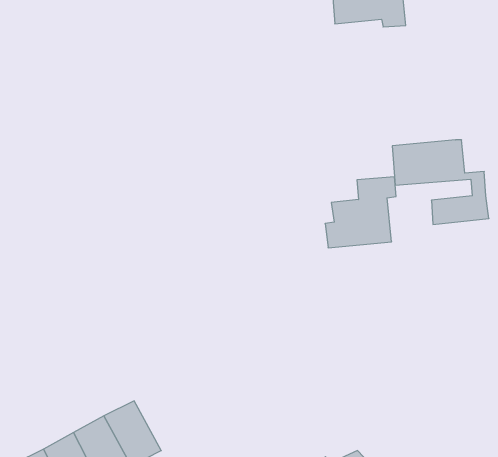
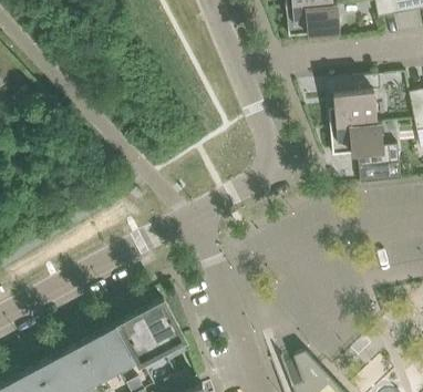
building: [325,177,396,248] -> [328,75,380,127]
building: none -> [141,302,184,351]

